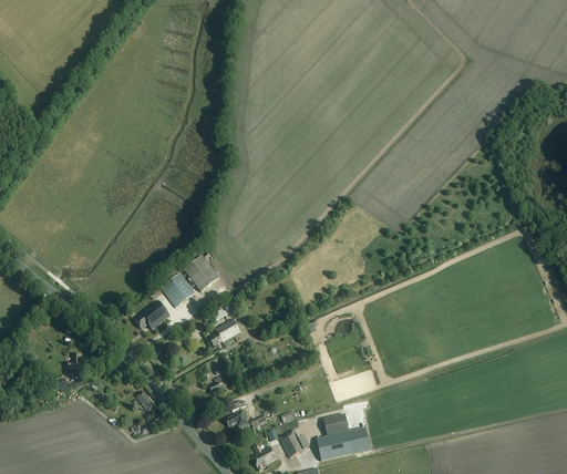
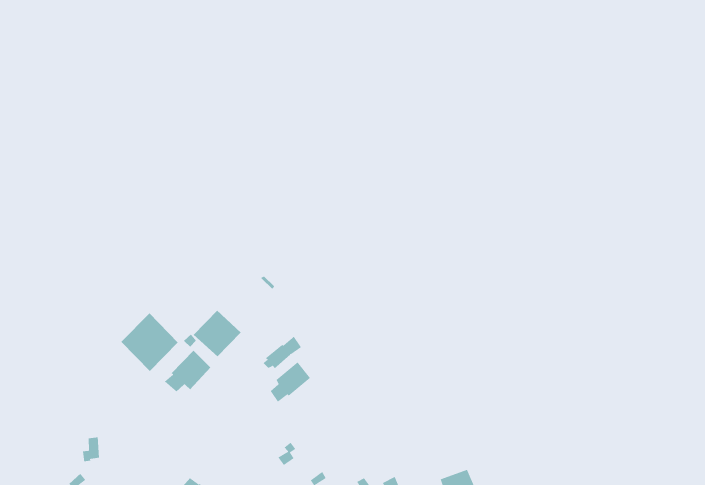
building: [184,255,219,291] -> none
building: none -> [121,312,179,372]

